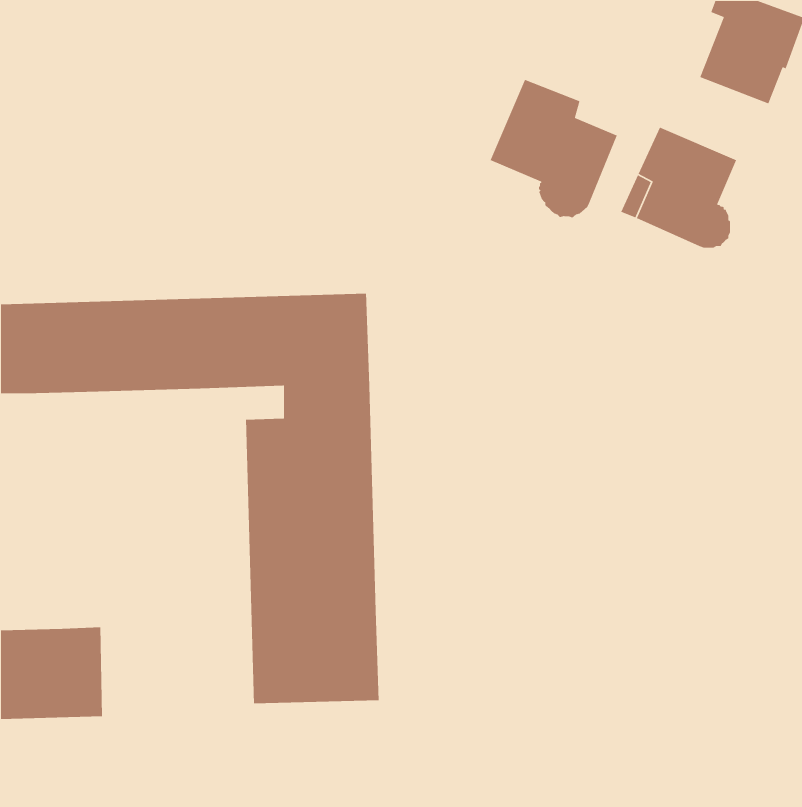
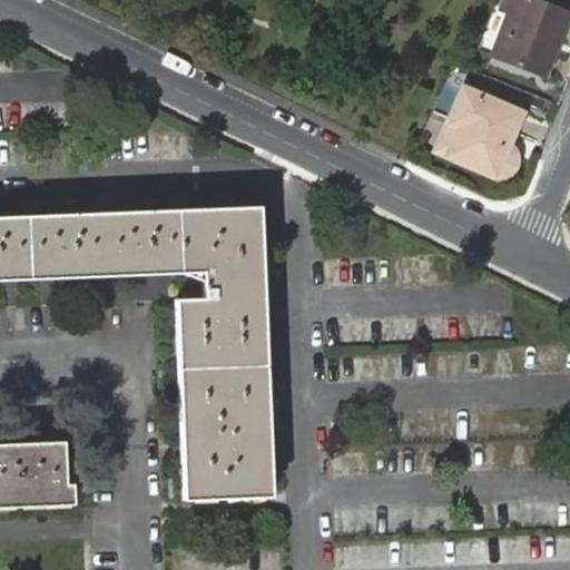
building: [490,79,618,219] -> none

